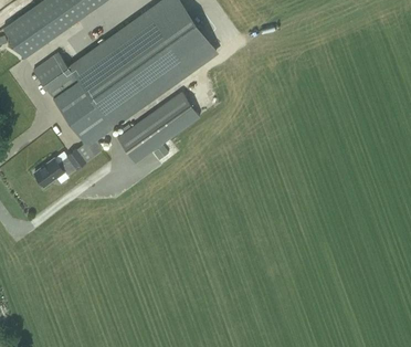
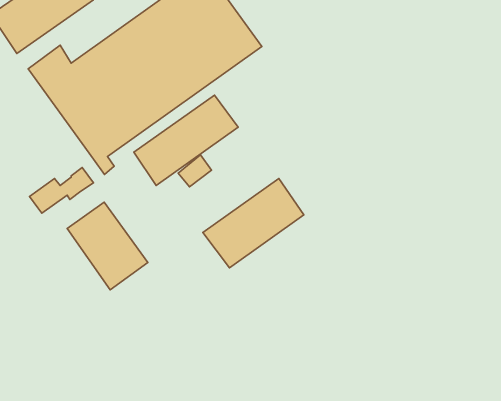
building: none -> [203,178,304,268]
building: none -> [67,202,148,290]

